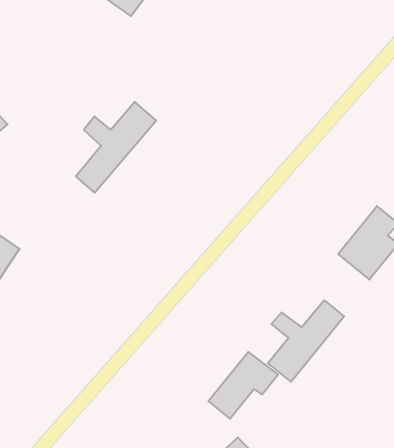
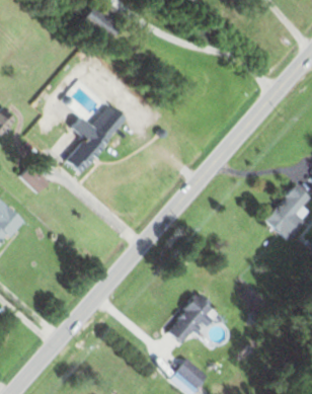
building: [268,300,344,382] -> none

